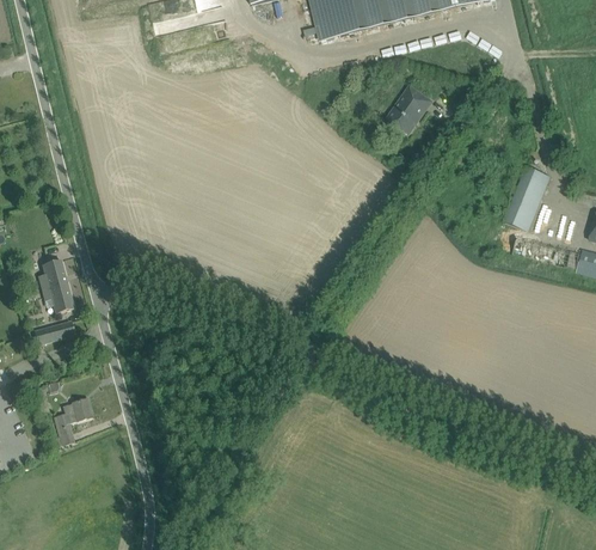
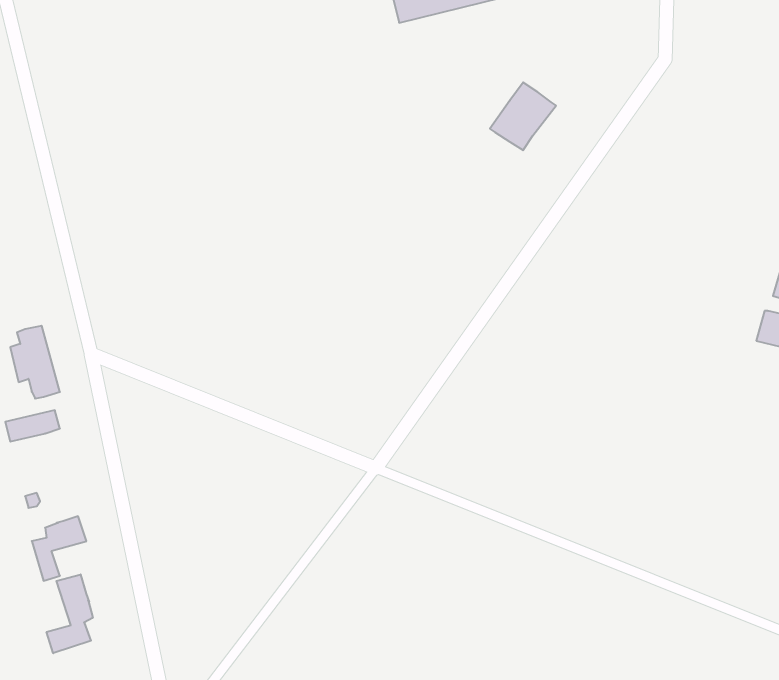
building: [504,165,546,230] -> none
building: none -> [47,574,93,653]

